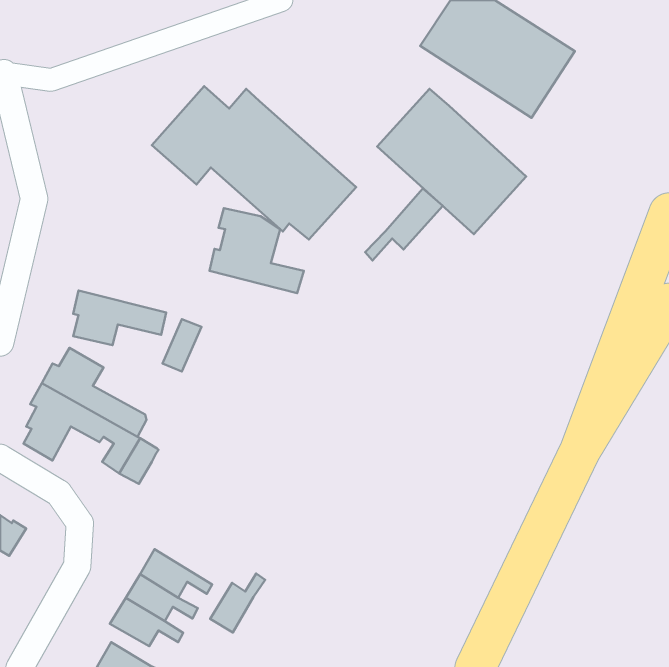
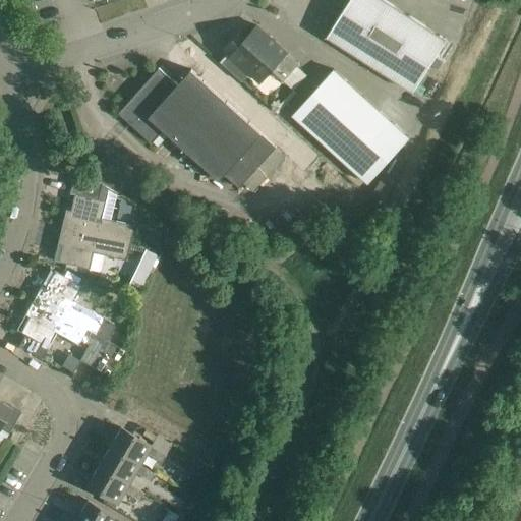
building: none -> [224,25,299,83]
building: [365,189,443,260] -> none
building: [209,208,304,293] -> [61,178,134,244]
building: [210,573,265,632] -> none

